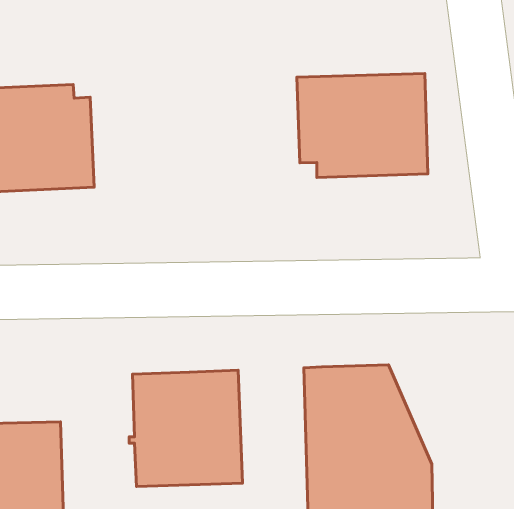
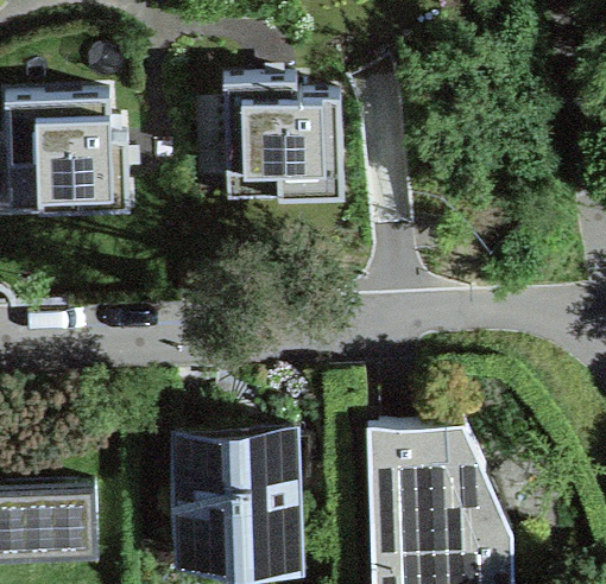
building: none -> [223,88,340,214]
building: [297,73,428,177] -> none

